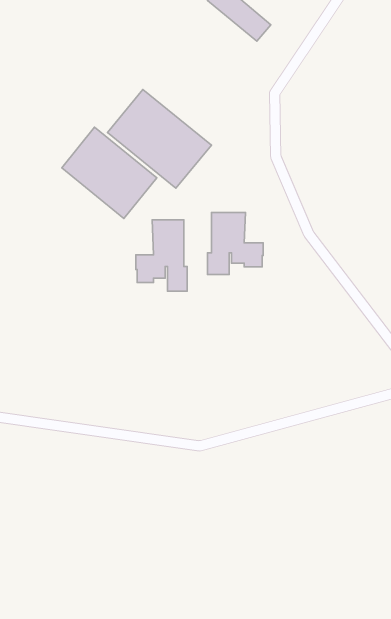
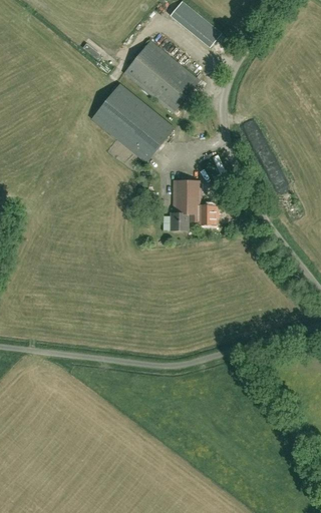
building: [62,127,157,218] -> [123,40,199,112]
building: [136,220,187,291] -> none

